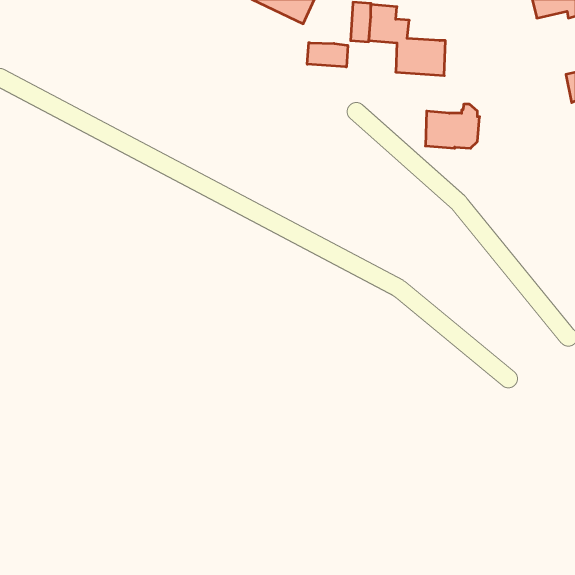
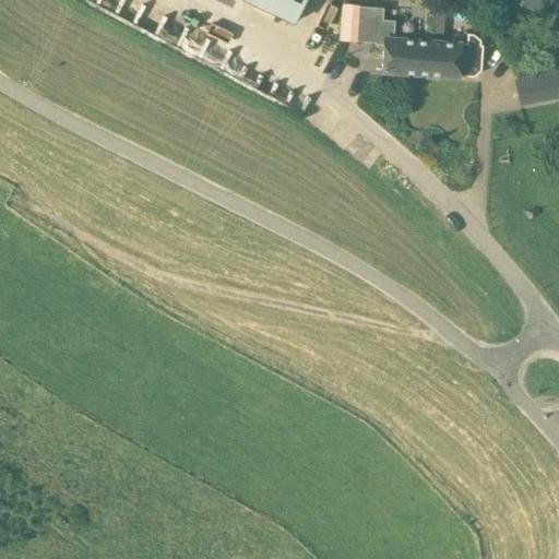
building: [307,43,348,67] -> none
building: [425,104,480,148] -> [431,33,484,75]

